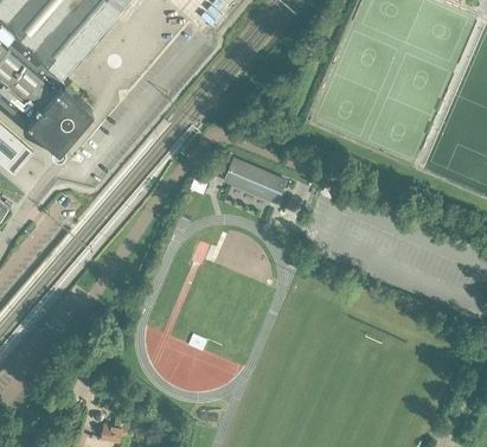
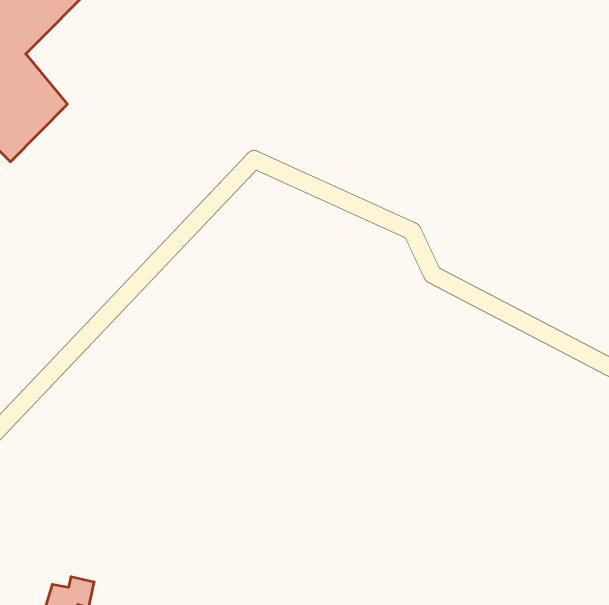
building: [224,159,287,205] -> none

